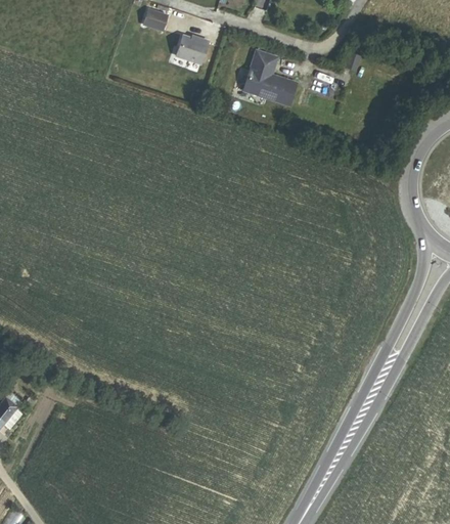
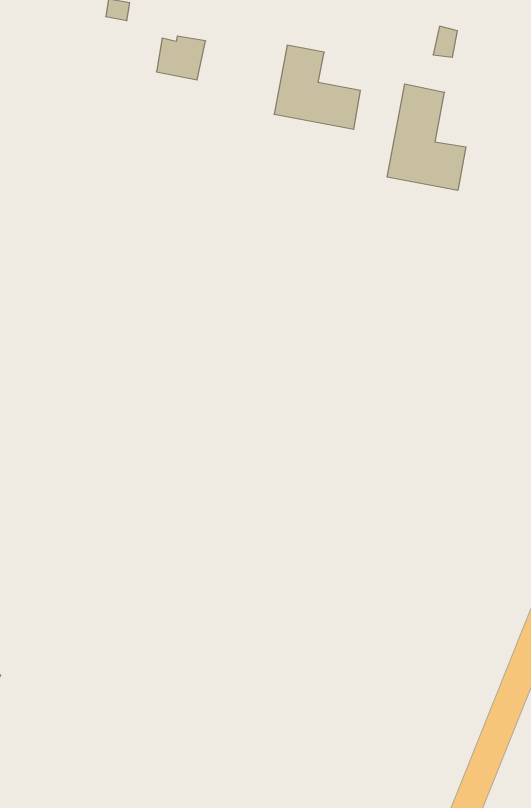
building: none -> [387,84,466,190]

